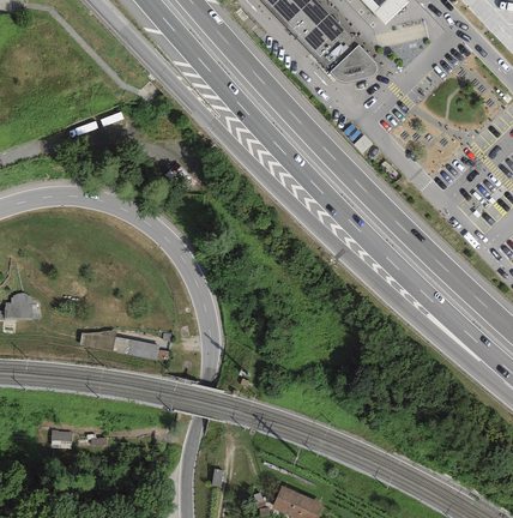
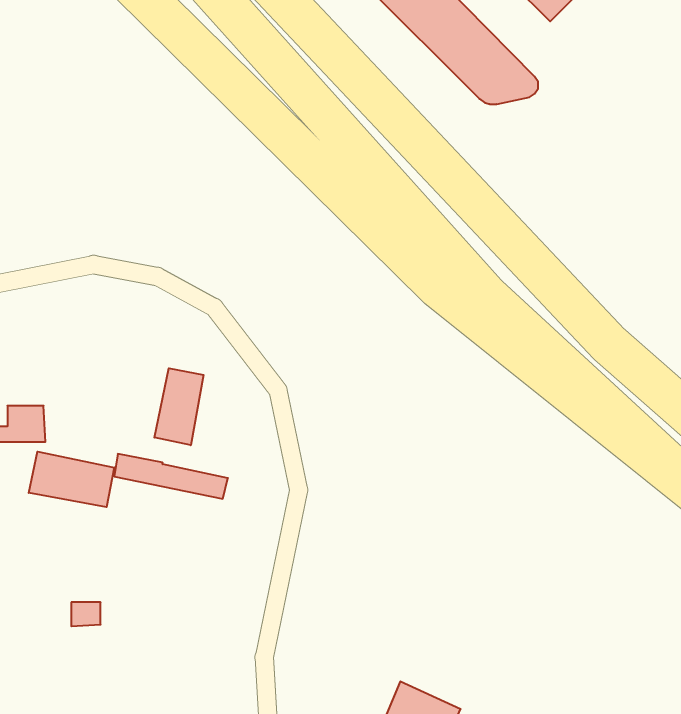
building: none -> [154,368,204,445]
building: none -> [29,452,114,507]

